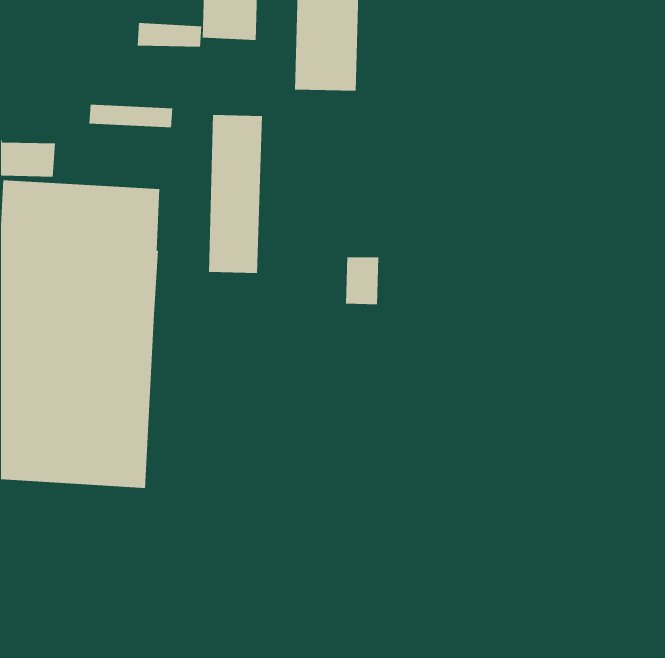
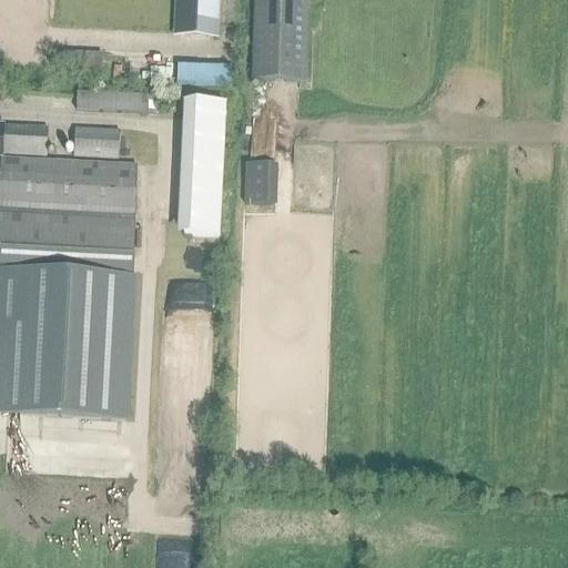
building: [137,22,202,47] -> [176,60,232,81]
building: none -> [73,124,120,153]
building: [345,257,379,305] -> [244,160,273,201]

